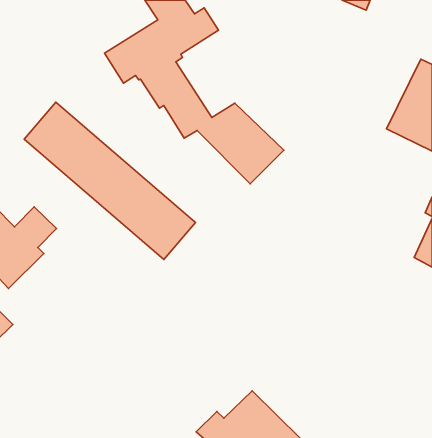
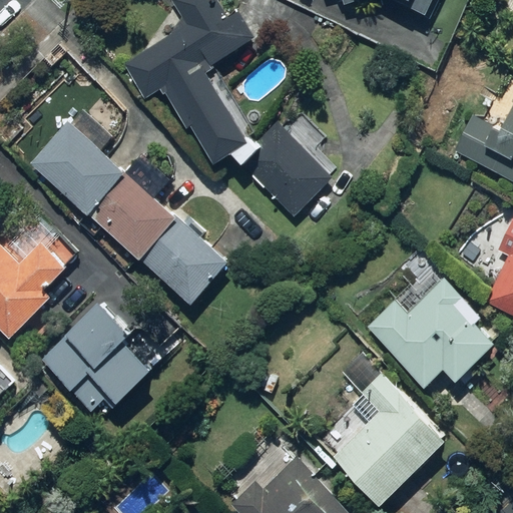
building: none -> [366,278,496,387]
building: none -> [40,301,153,411]
building: none -> [332,373,446,505]

